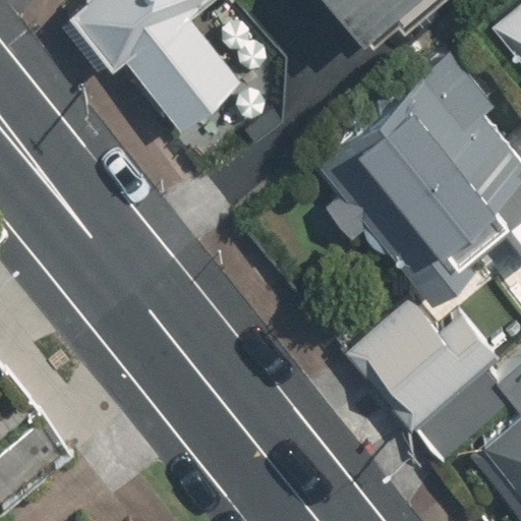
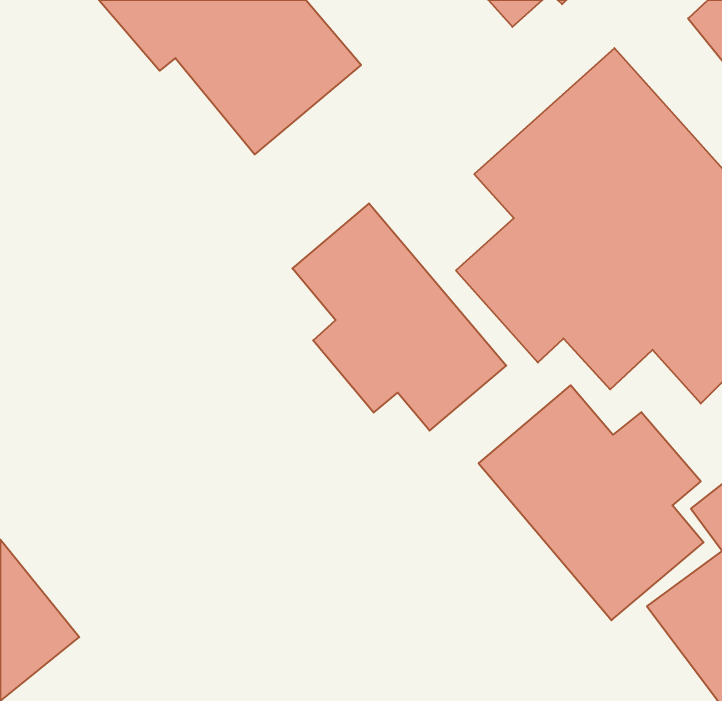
building: none -> [292,203,506,431]

